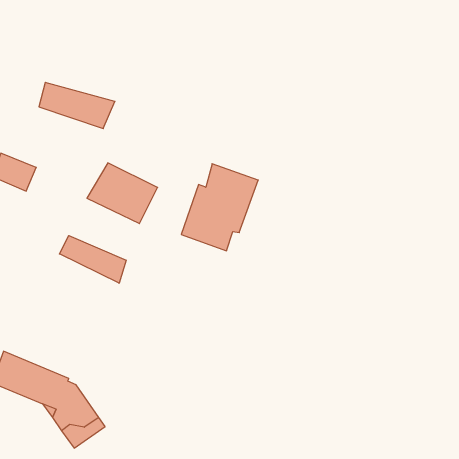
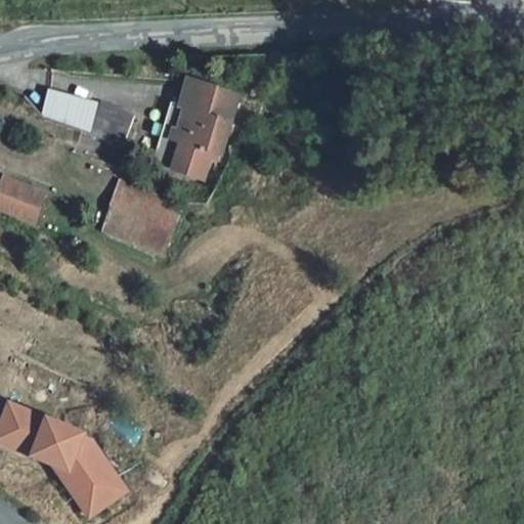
building: [181,164,258,251] -> [151,83,238,181]
building: [59,236,126,283] -> none

